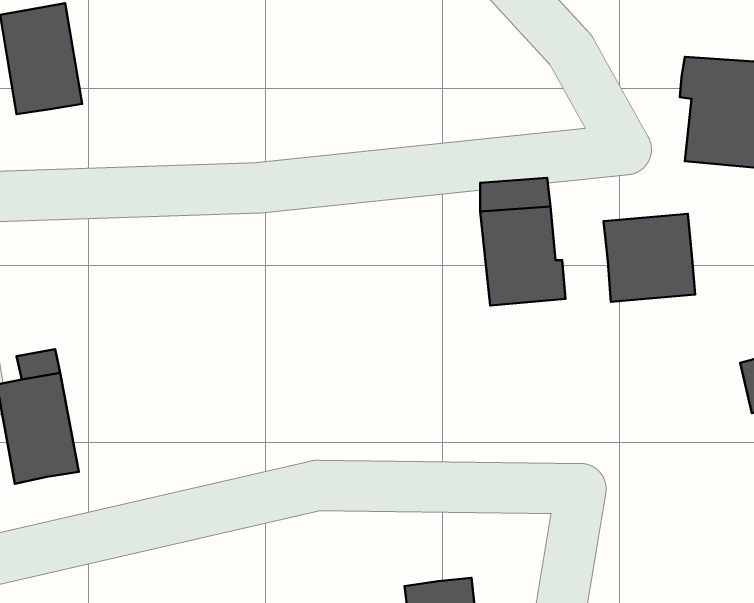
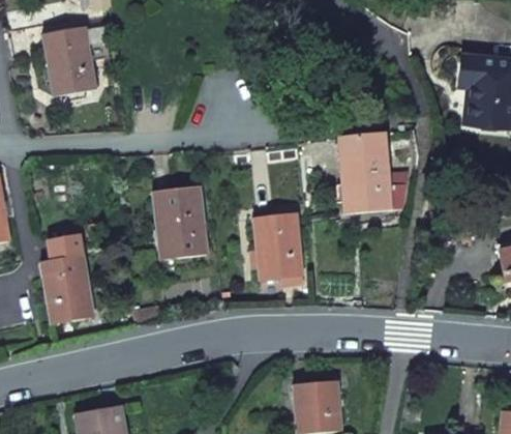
building: [603,214,695,302] -> none
building: none -> [152,186,207,259]
building: none -> [253,212,301,279]

